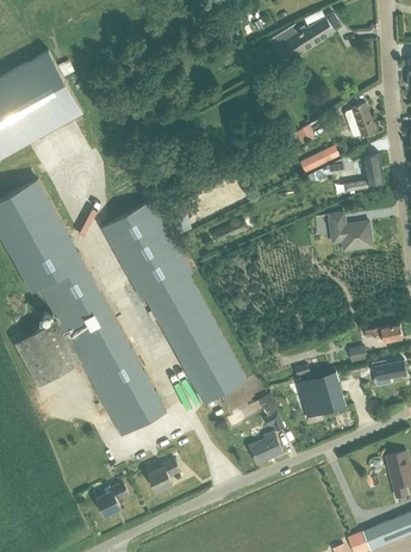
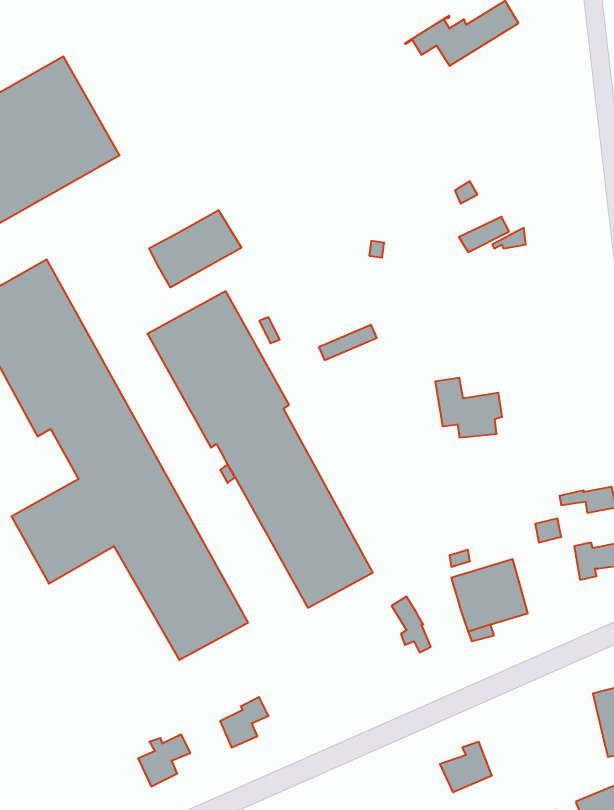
building: [344,104,374,138] -> none
building: none -> [149,210,241,287]
building: [343,154,384,192] -> none
building: [328,212,370,250] -> [435,378,502,437]
building: [248,432,281,464] -> [440,742,492,792]

